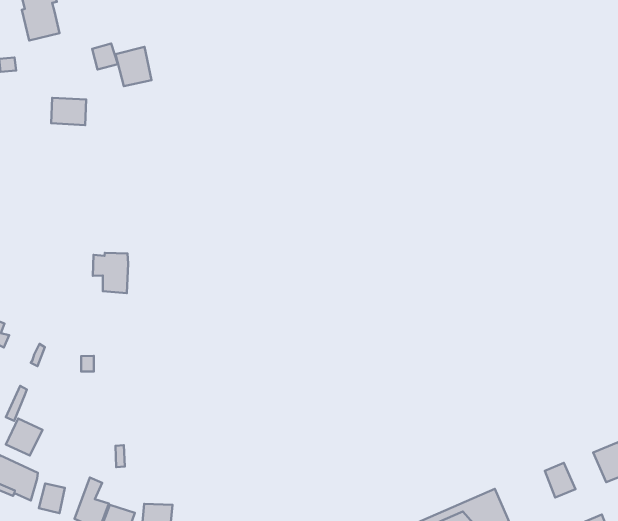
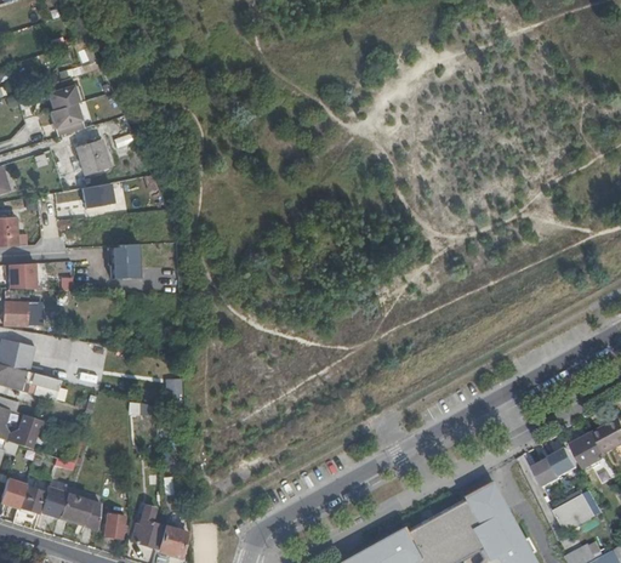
building: [115,47,151,86] -> [76,138,109,174]
building: [93,253,128,293] -> [109,244,141,278]
building: [6,418,42,456] -> none
building: none -> [549,445,580,477]

